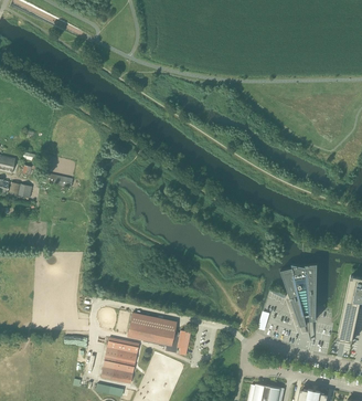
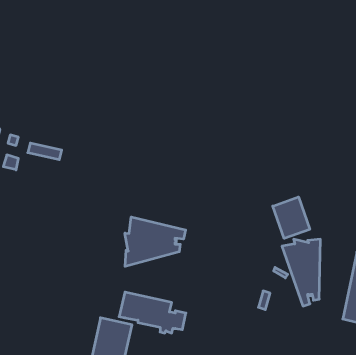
building: none -> [273,197,310,238]
building: none -> [125,217,186,266]

